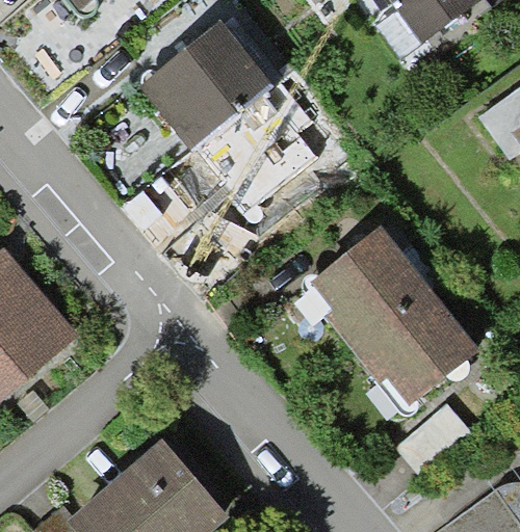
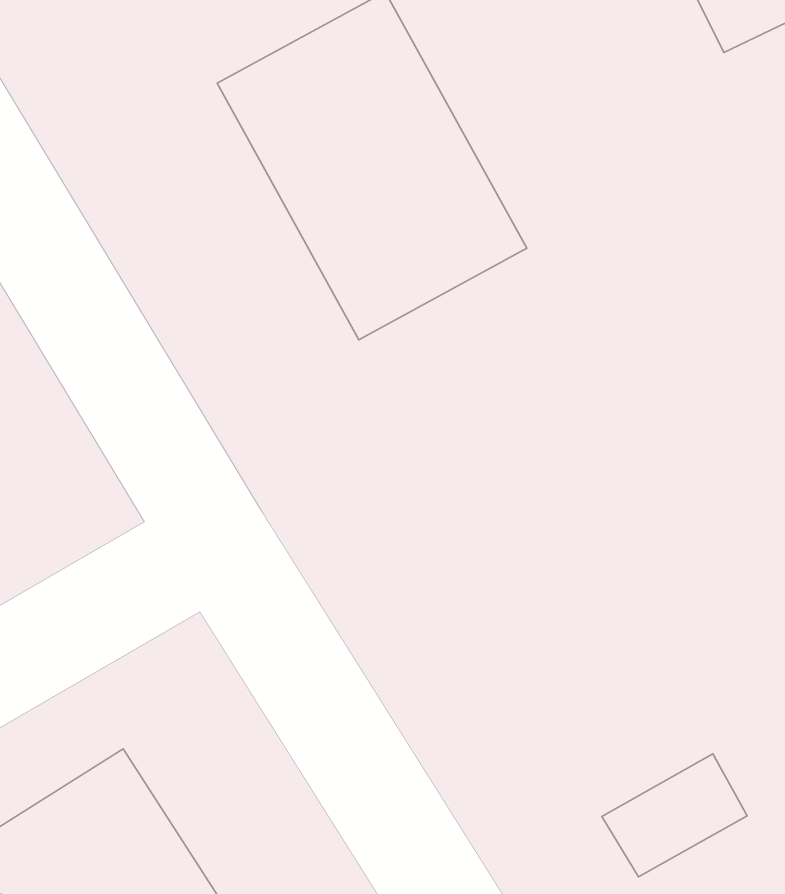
building: [314,240,479,414] -> none

